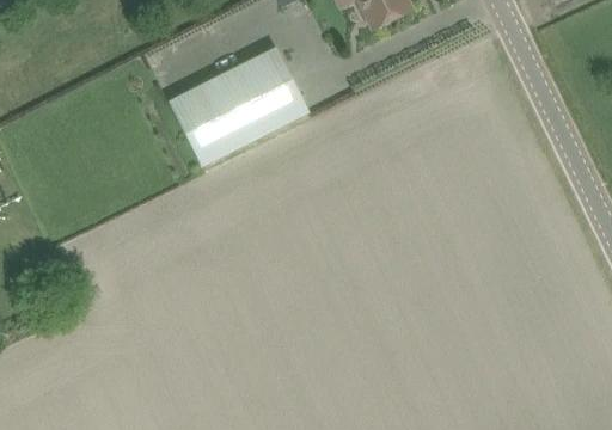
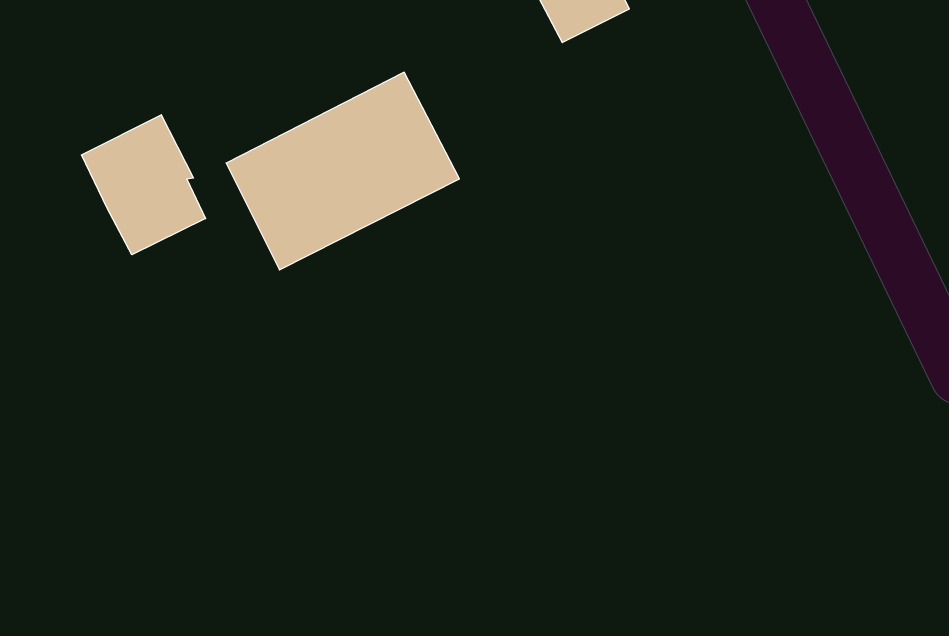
building: none -> [82,115,206,255]

